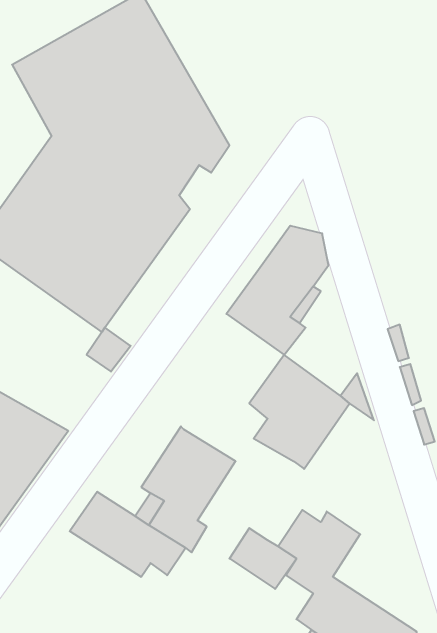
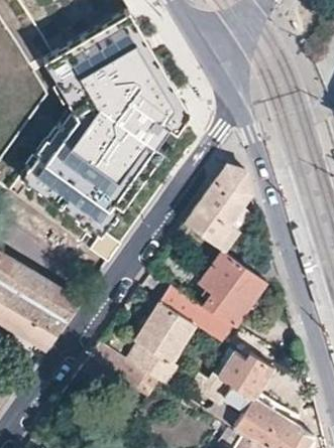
building: none -> [157,285,230,339]

